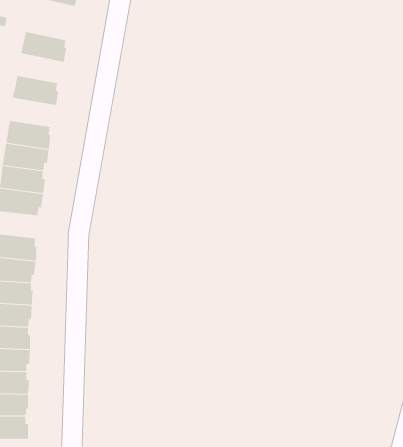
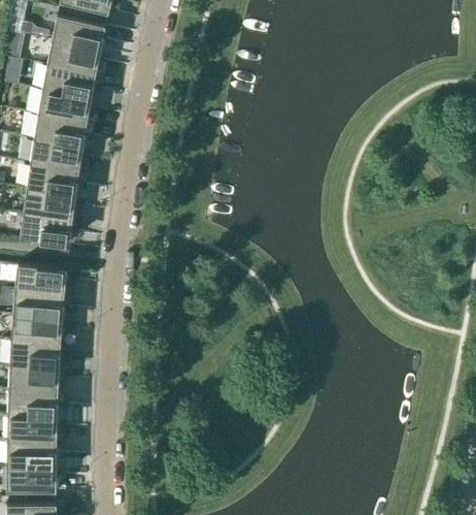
building: none -> [53,17,106,52]
building: none -> [43,66,96,99]
building: none -> [35,116,88,148]

